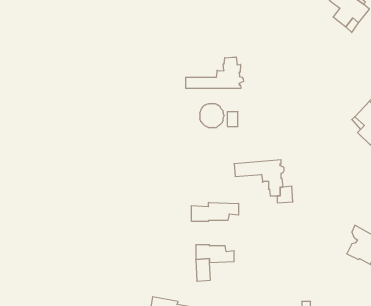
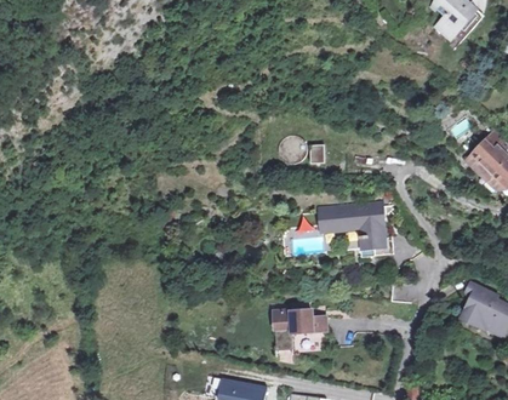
building: [186,57,243,88] -> none
building: [192,202,239,221] -> none

